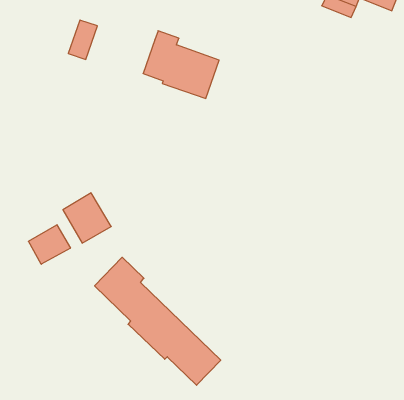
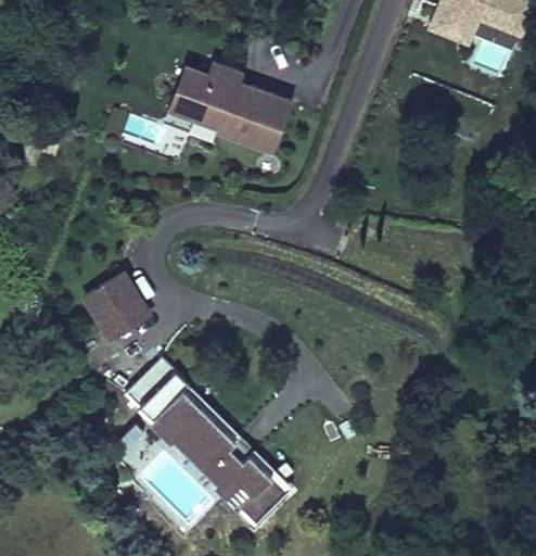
building: [68,20,97,59] -> [168,66,206,117]
building: [28,225,70,264] -> none

